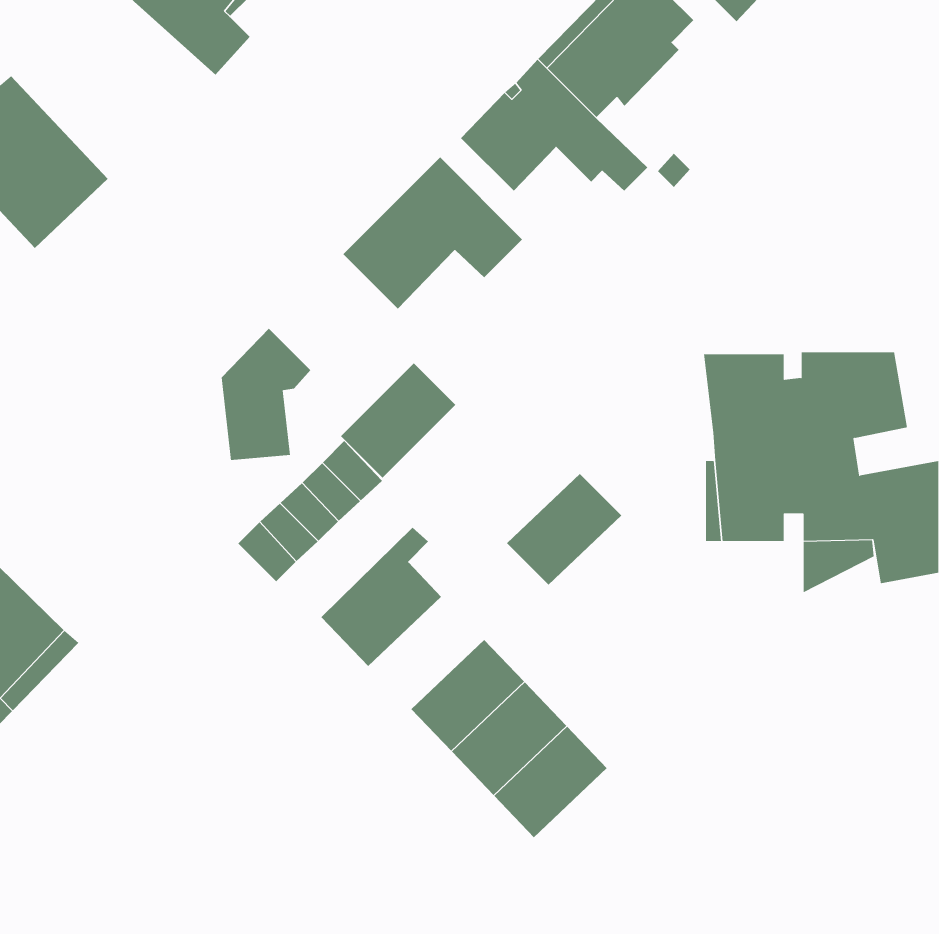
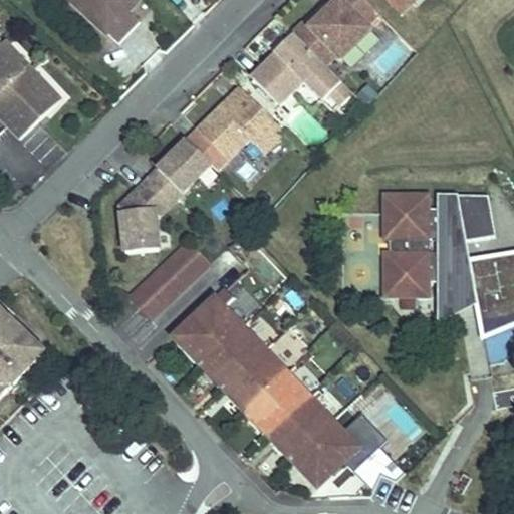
building: [340,362,456,478] -> [147,139,210,202]
building: [506,473,622,586] -> [201,325,264,387]
building: none -> [291,419,381,485]

